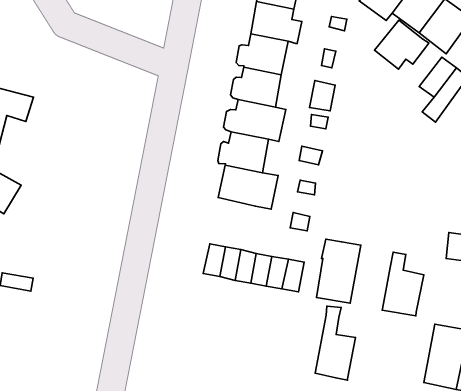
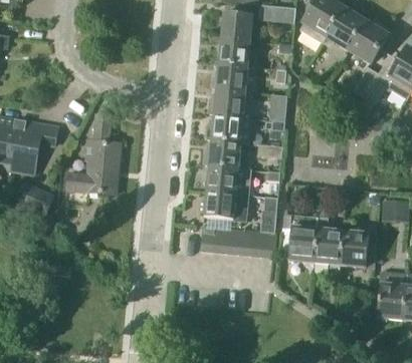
building: [375,20,429,69] -> none
building: none -> [66,114,122,194]
building: none -> [204,190,248,220]
building: [315,306,355,380] -> [315,209,343,264]

